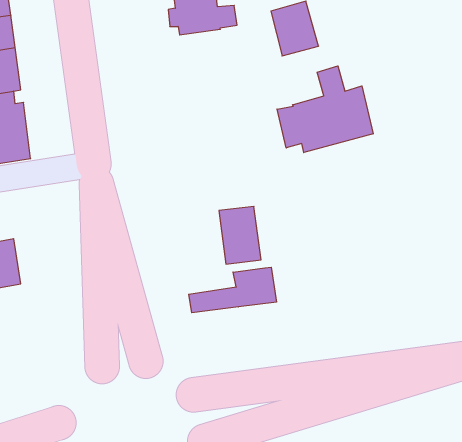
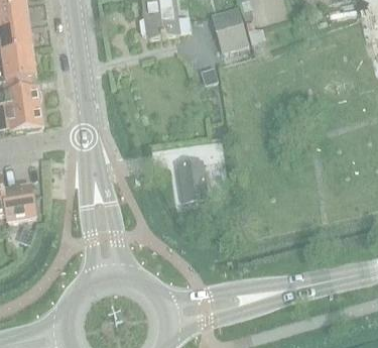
building: [277,66,373,153] -> none
building: [189,267,276,313] -> none

